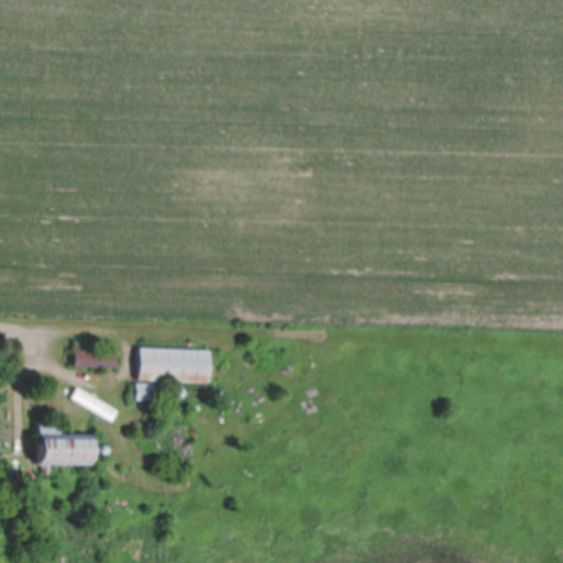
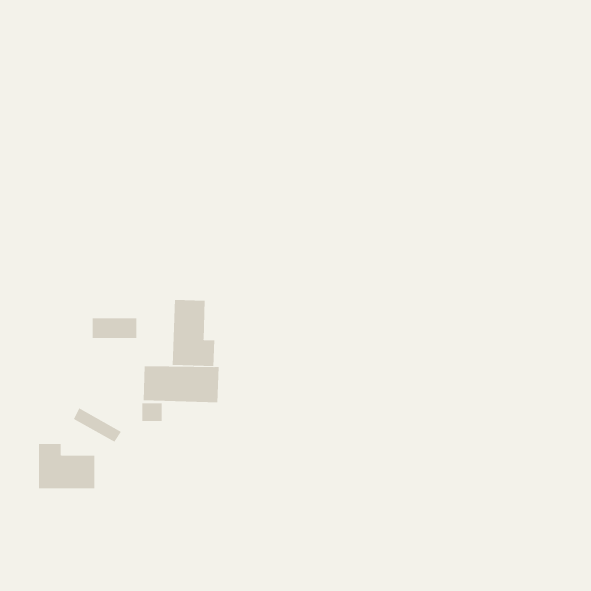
building: none -> [172,299,215,367]
building: [75,350,118,369] -> [92,318,137,339]

